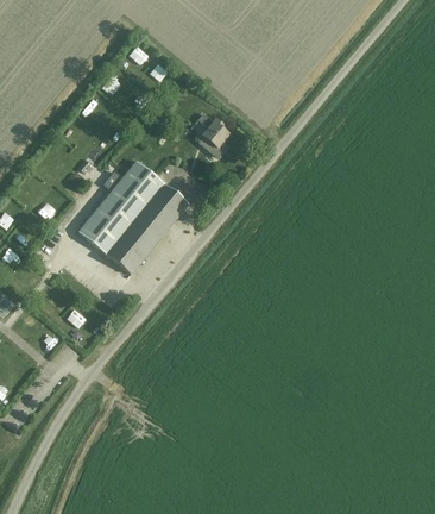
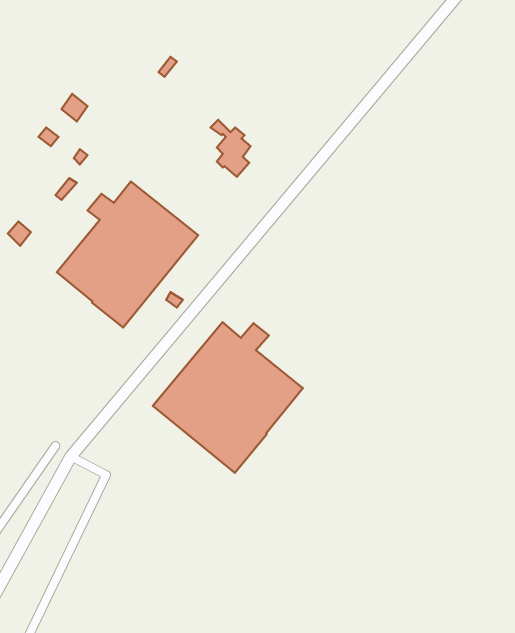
building: none -> [153,322,303,473]

